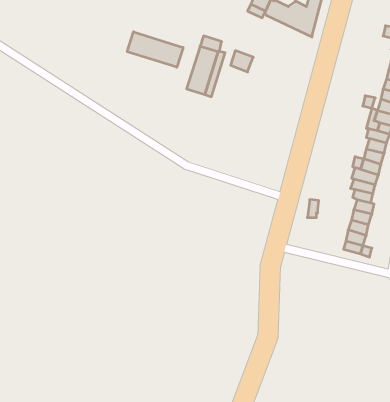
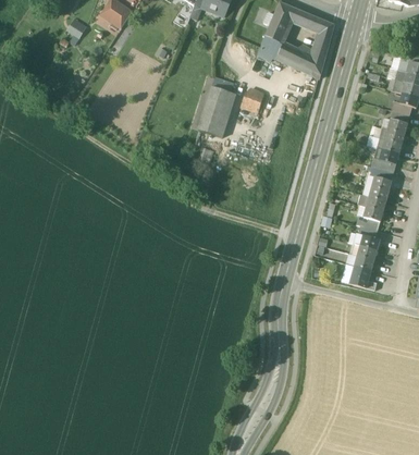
building: [127,32,183,67] -> none

